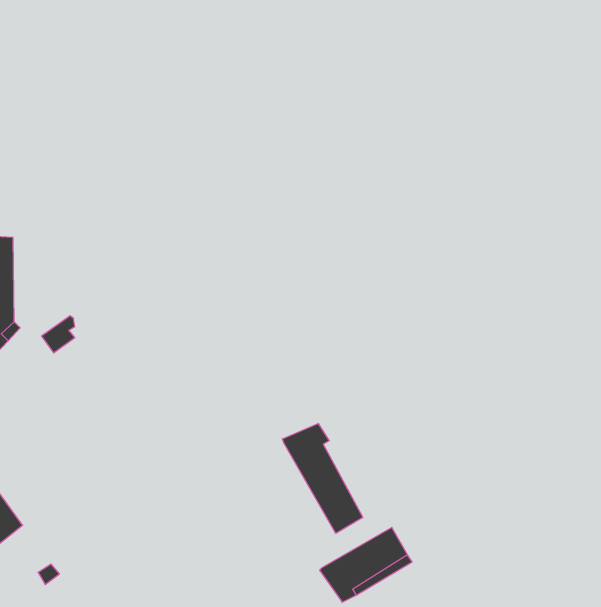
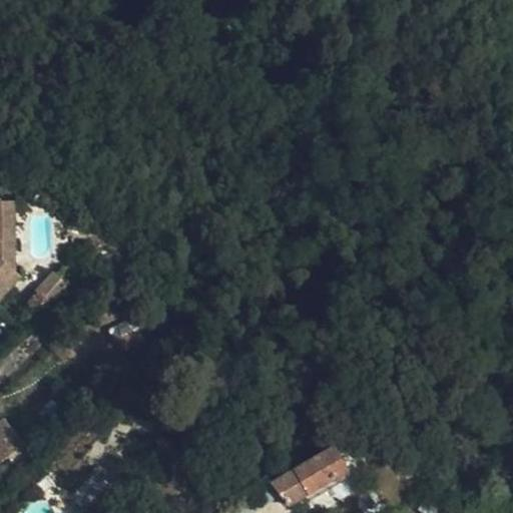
building: [282,423,363,533] -> none

